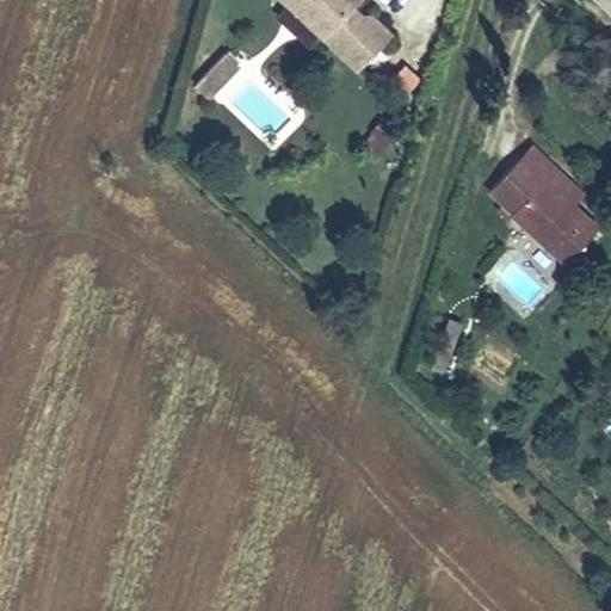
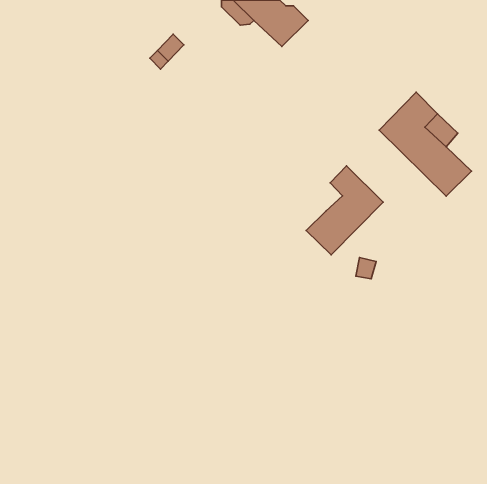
building: none -> [306,166,383,255]

